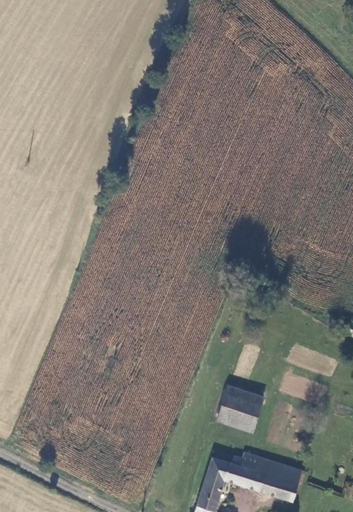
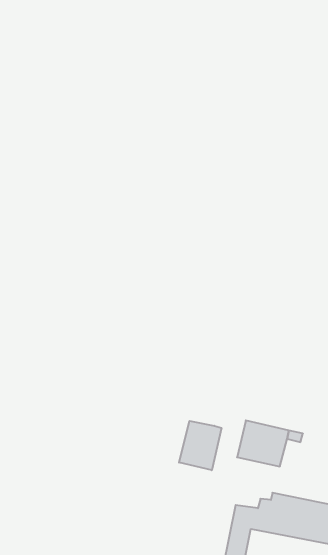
building: none -> [179,421,221,470]

